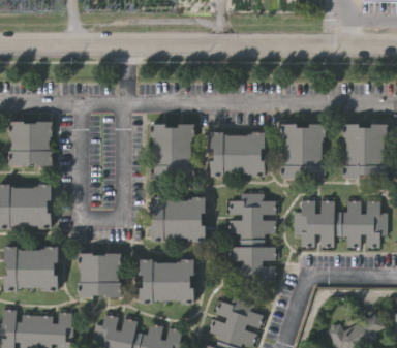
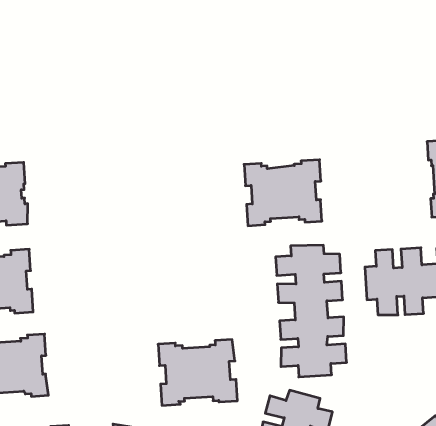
building: [150,123,194,178] -> none
building: [281,123,326,179] -> none
building: [151,195,206,241] -> none
building: [80,251,122,296] -> none

